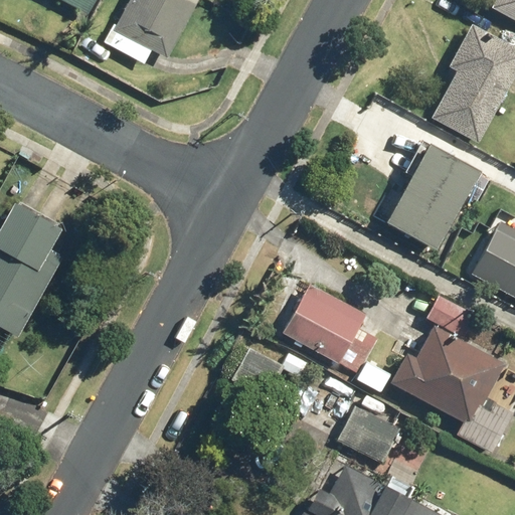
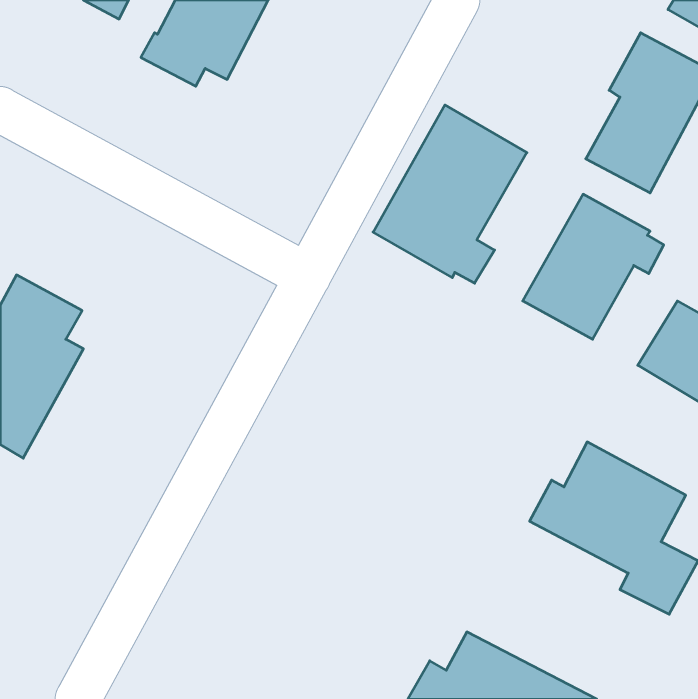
building: none -> [373,105,527,283]
building: [284,285,377,373] -> none
building: [338,405,400,464] -> none

